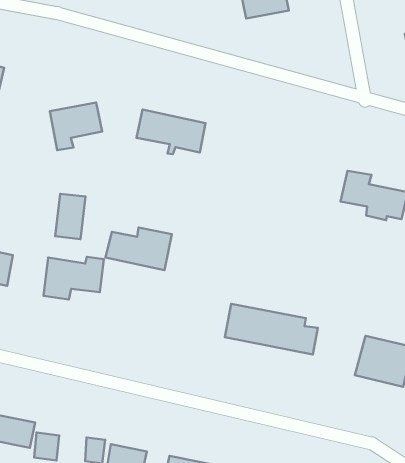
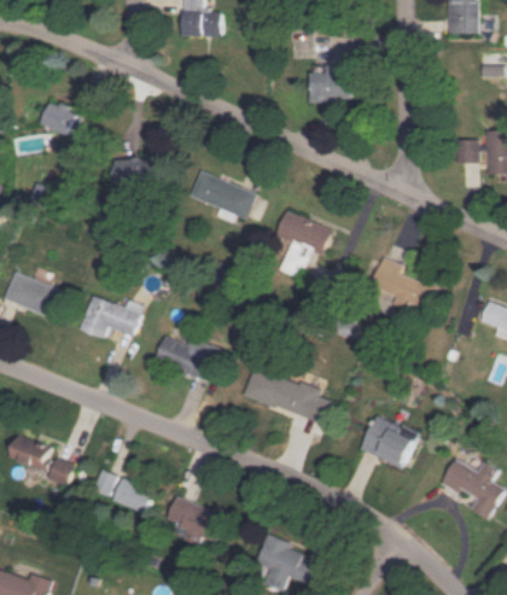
building: none -> [276,211,332,279]
building: [55,194,85,239] -> none
building: [106,228,172,270] -> [155,337,220,380]

